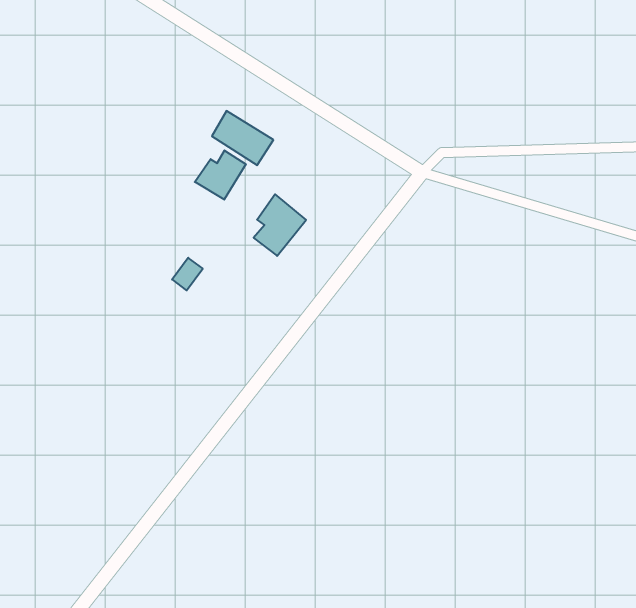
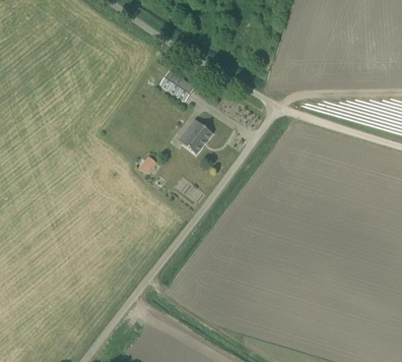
building: [195,150,246,200] -> none

